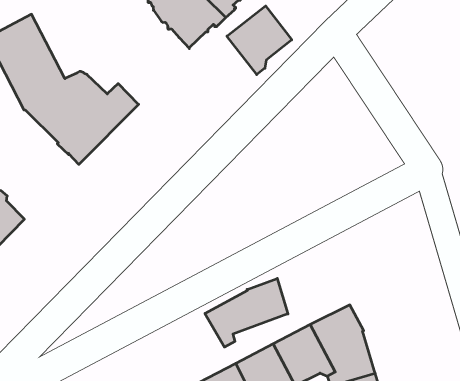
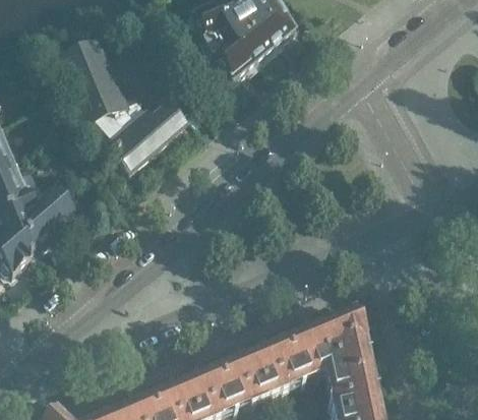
building: [227,6,292,75] -> none
building: [205,278,288,347] -> none

